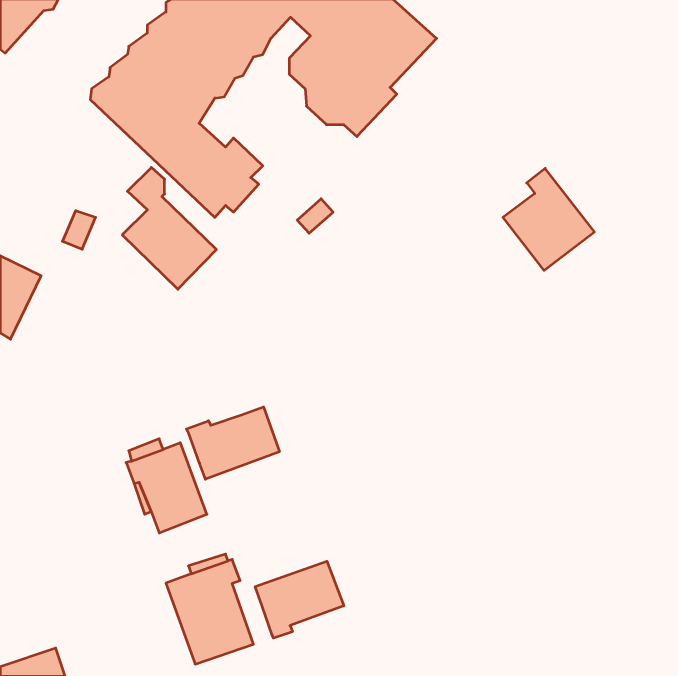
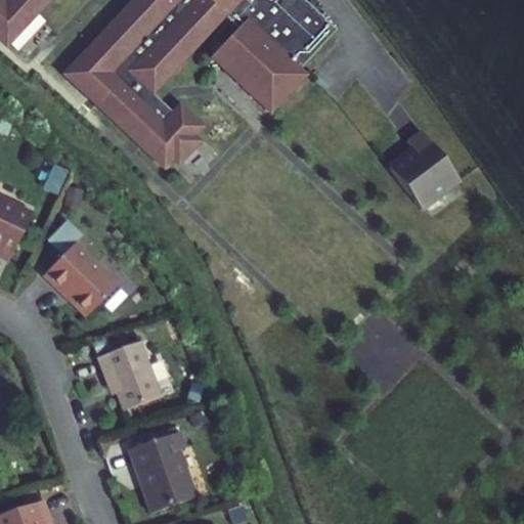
building: [122,167,216,289] -> [44,222,117,316]
building: [186,407,279,479] -> none
building: [255,561,344,638] -> none

